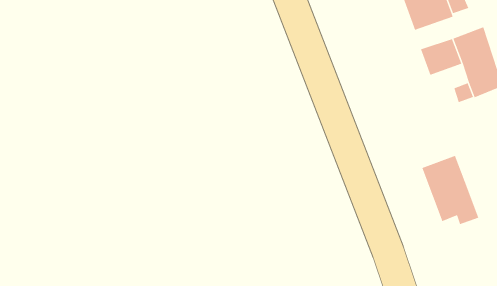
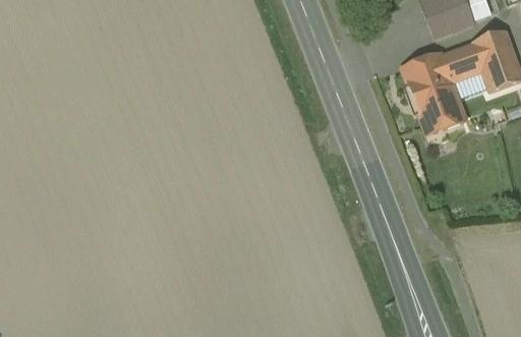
building: [421,155,479,225] -> [404,54,464,126]

